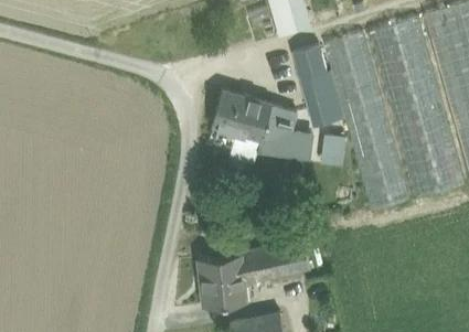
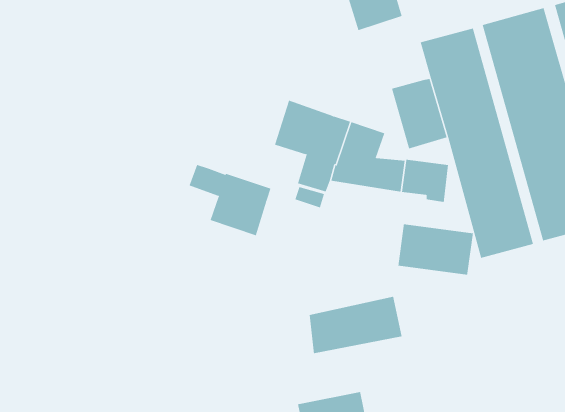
building: [296,51,327,84] -> none
building: none -> [189,164,271,236]
building: none -> [398,223,473,276]
building: [198,257,244,309] -> none

